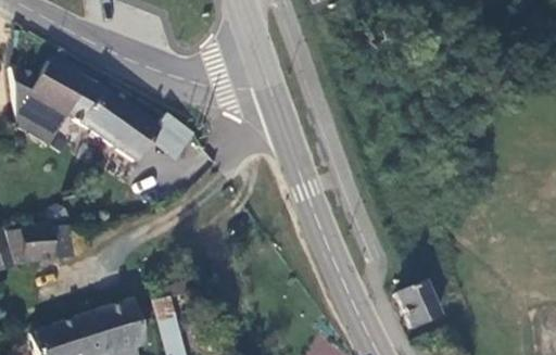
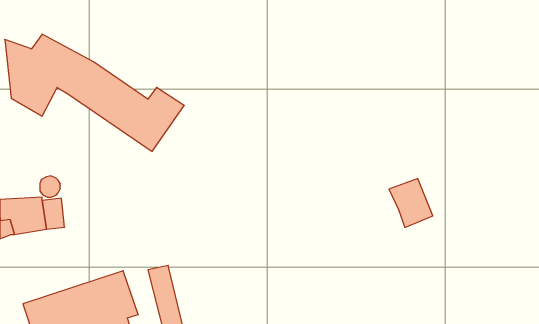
building: [395,278,440,328] -> [389,179,433,228]

